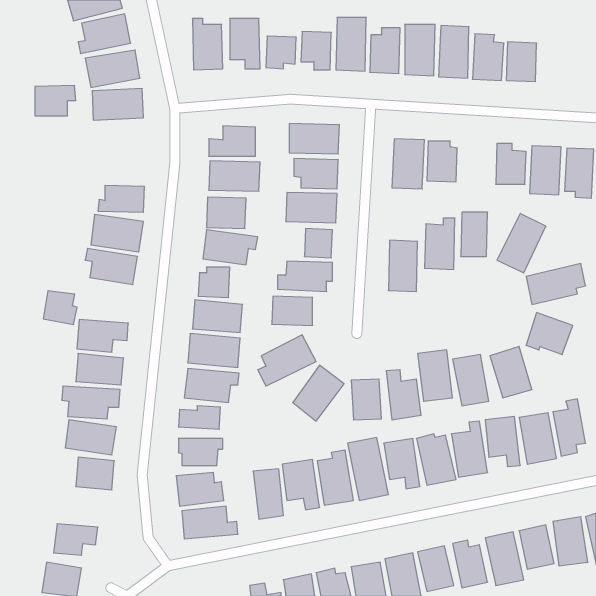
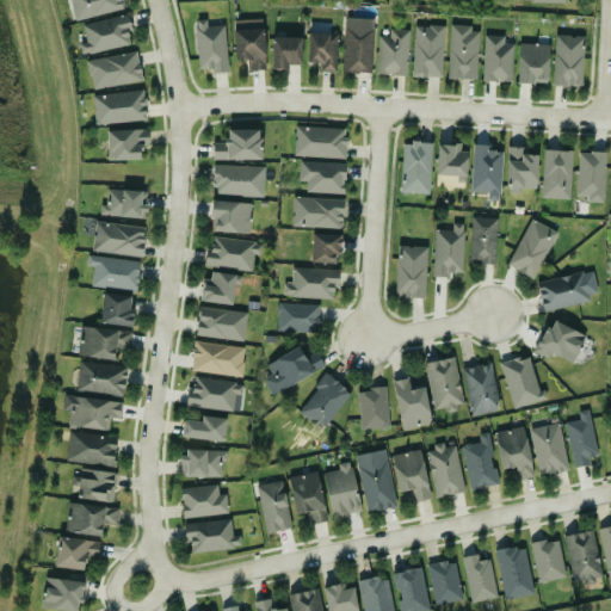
building: none -> [554,35,585,86]
building: [35,85,76,116] -> [107,129,149,160]
building: none -> [473,144,502,199]
building: [43,291,77,325] -> [100,294,135,328]
building: none -> [66,501,119,535]

